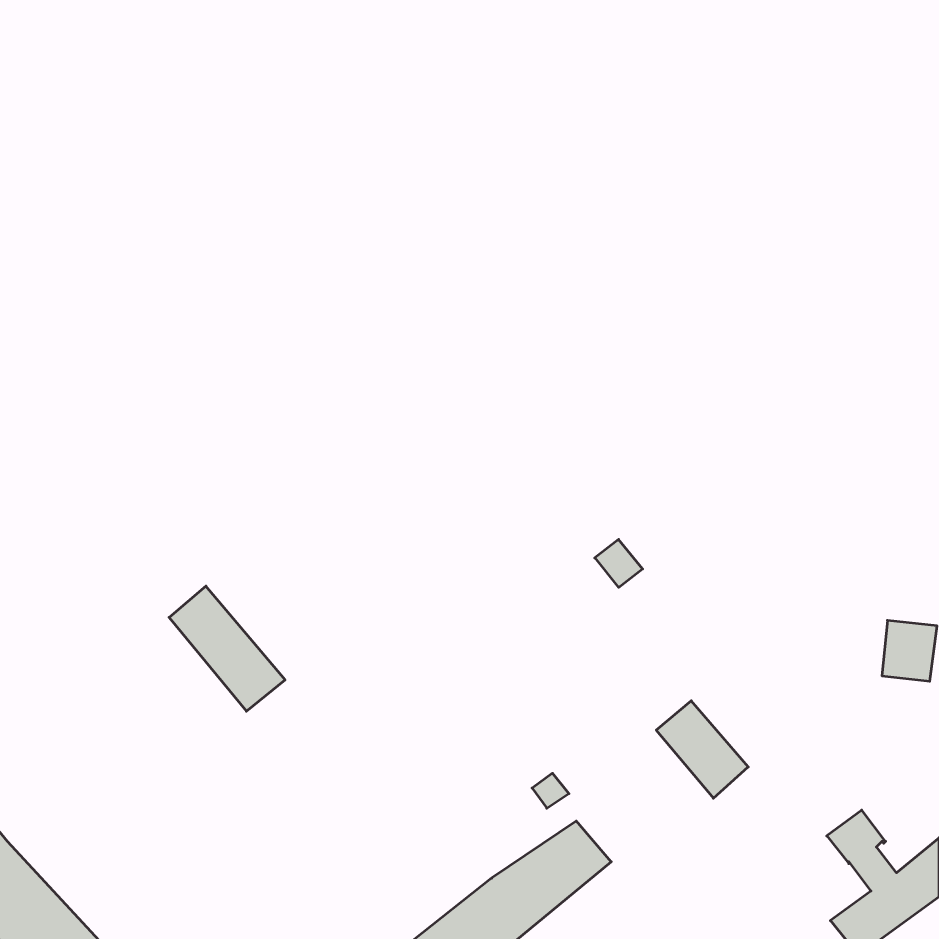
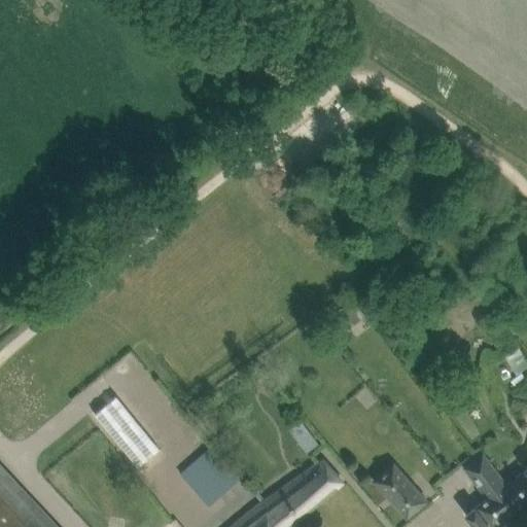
building: [169,586,285,711] -> [94,397,159,467]
building: [656,701,748,798] -> [374,464,425,519]
building: none -> [180,447,239,505]

